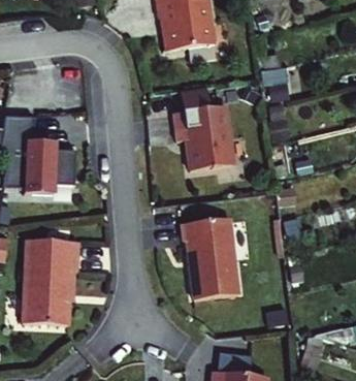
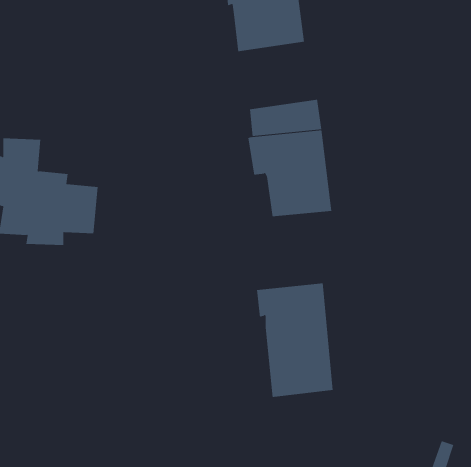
building: [17,234,79,320] -> none

